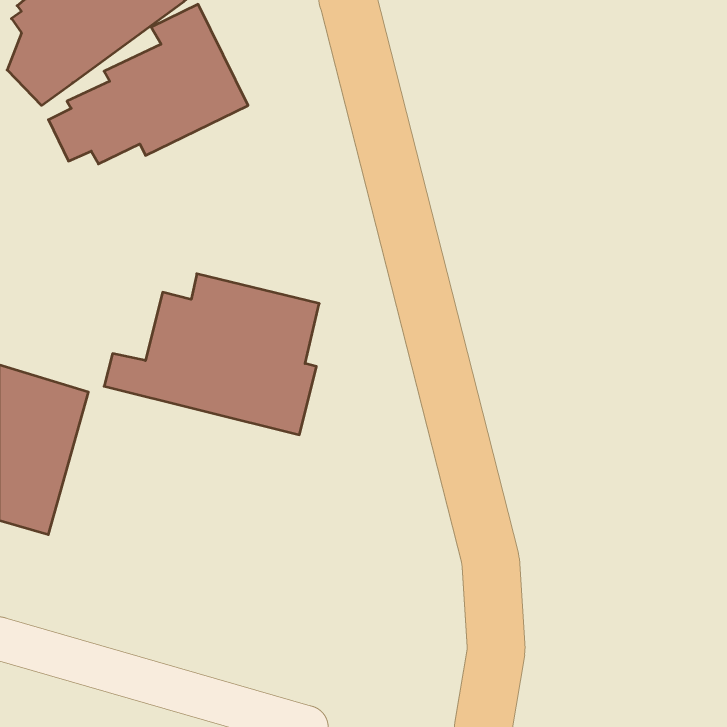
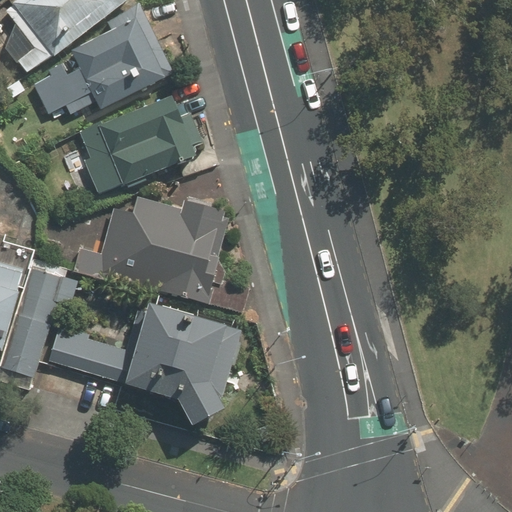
building: none -> [76,97,201,193]
building: none -> [48,300,241,427]

